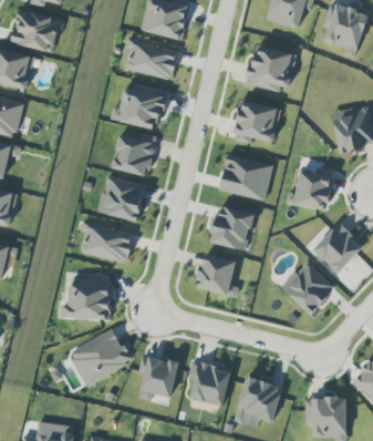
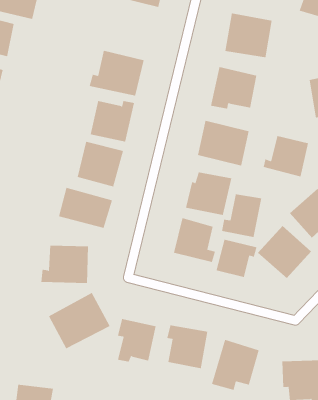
building: [125,38,178,79] -> none
building: none -> [222,193,262,238]
building: none -> [216,239,257,278]

